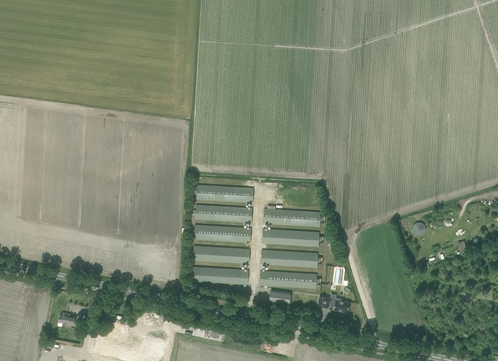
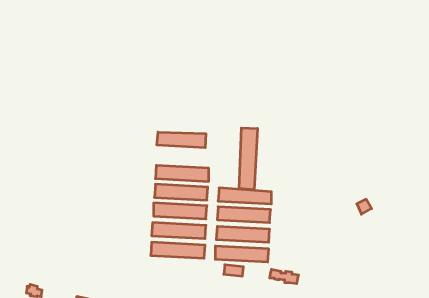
building: none -> [239,128,257,190]
building: none -> [157,132,206,148]

